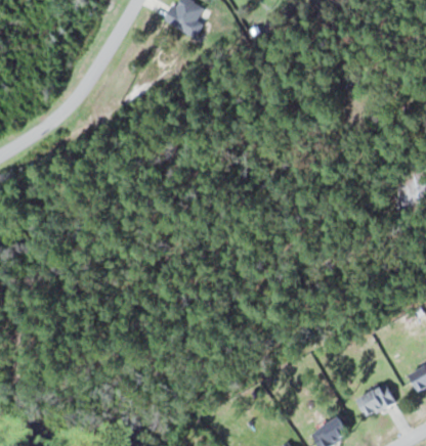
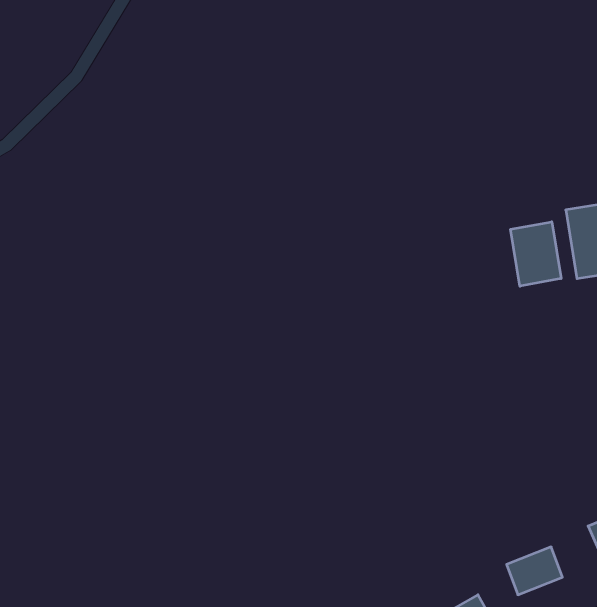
building: none -> [511,222,561,286]

